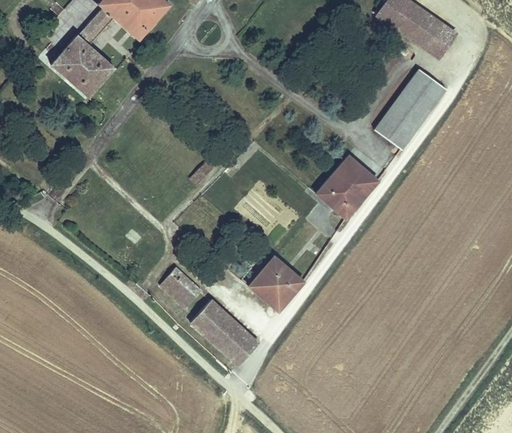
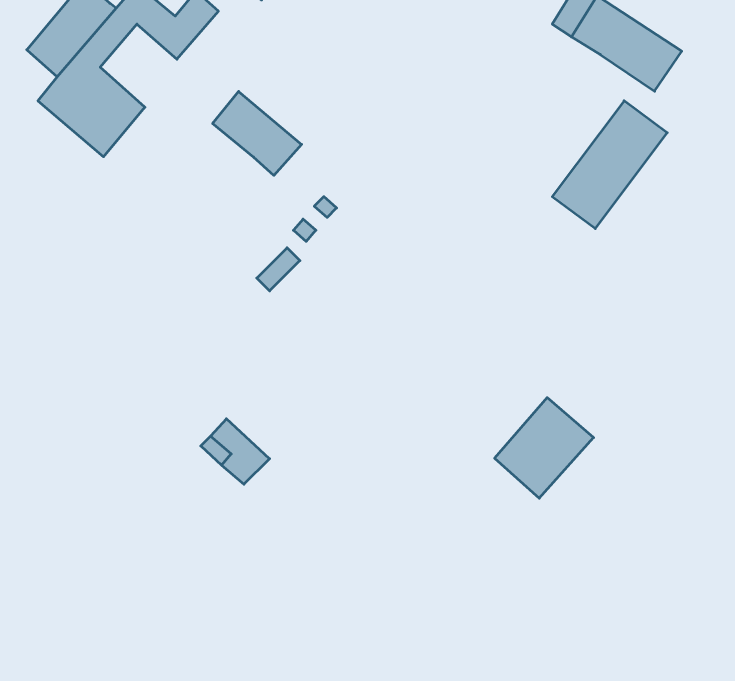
building: none -> [213,91,302,175]
building: [318,153,380,216] -> [495,398,594,498]
building: [251,256,305,310] -> none
building: [186,297,257,366] -> none

